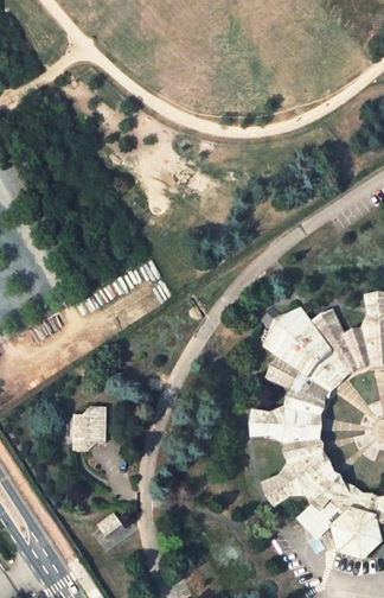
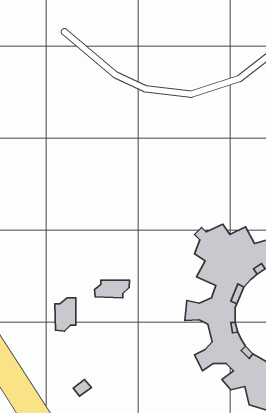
building: none -> [94,280,129,298]

